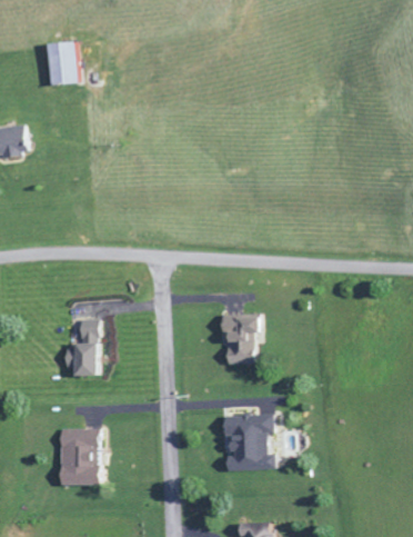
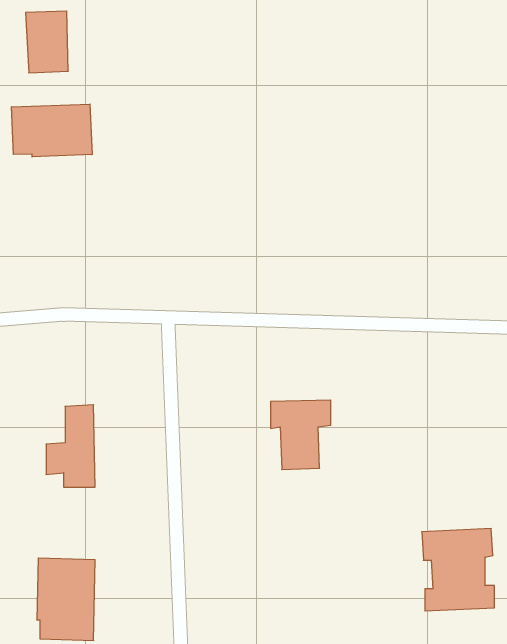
building: none -> [12,104,92,157]
building: [223,412,274,470] -> [422,529,494,611]

